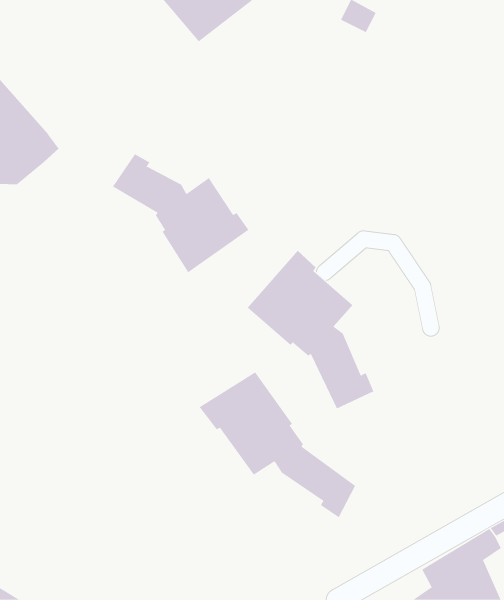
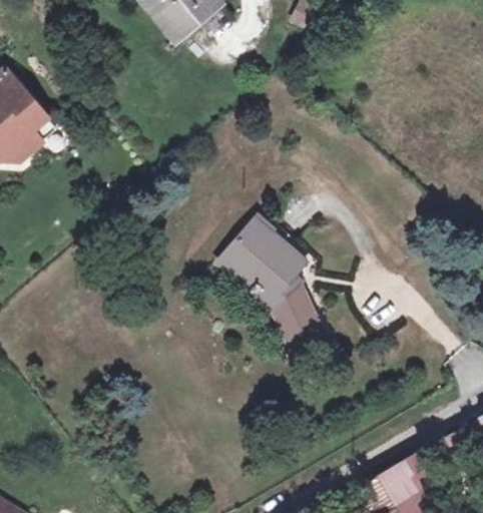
building: [112,154,249,273] -> none
building: [199,371,356,518] -> none

